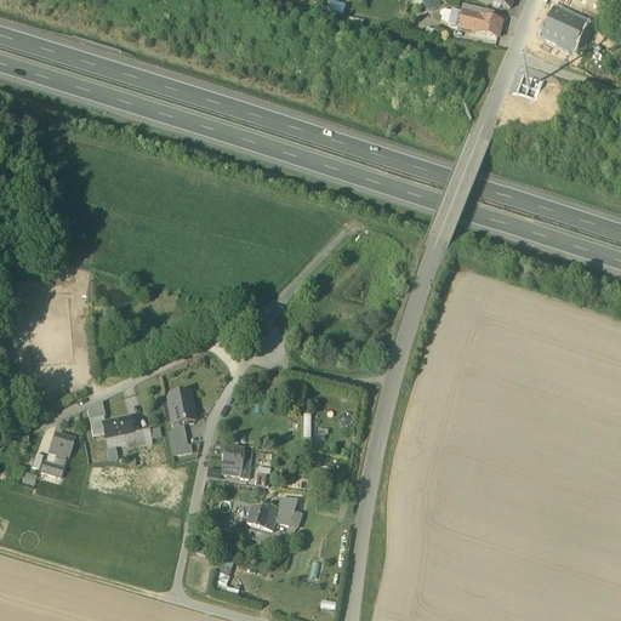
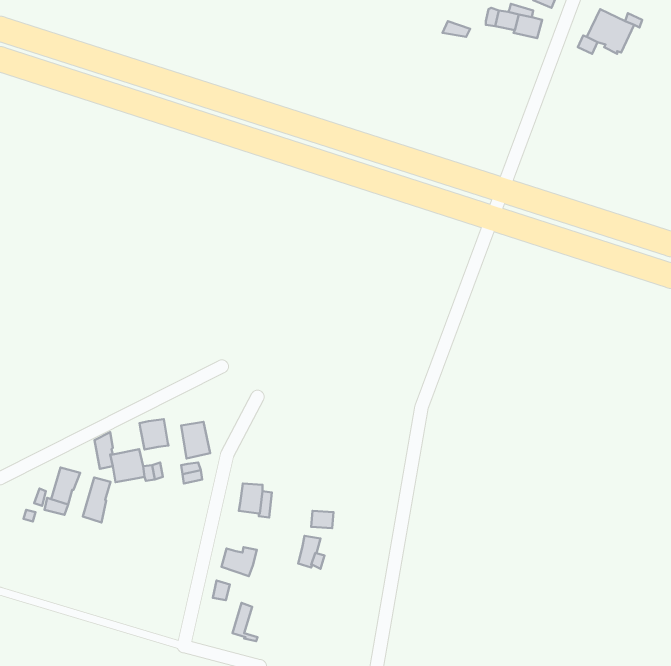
building: none -> [140,419,169,450]
building: none -> [83,477,111,522]
building: [246,503,279,530] -> [221,547,257,576]

